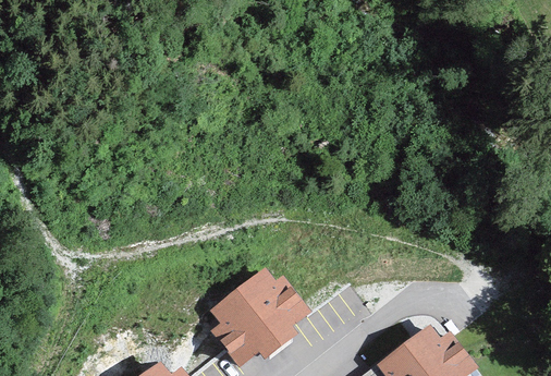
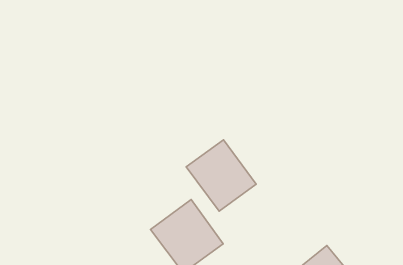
building: none -> [186,140,256,211]

